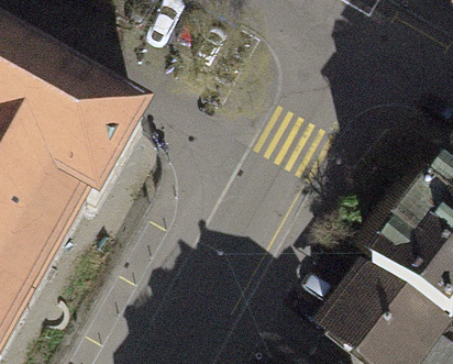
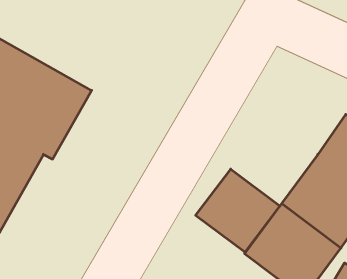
building: none -> [196,169,280,252]

